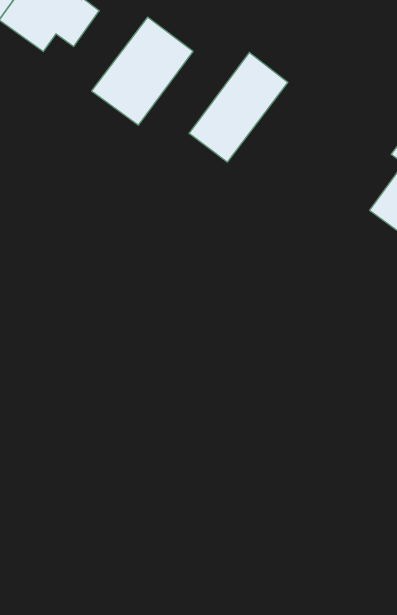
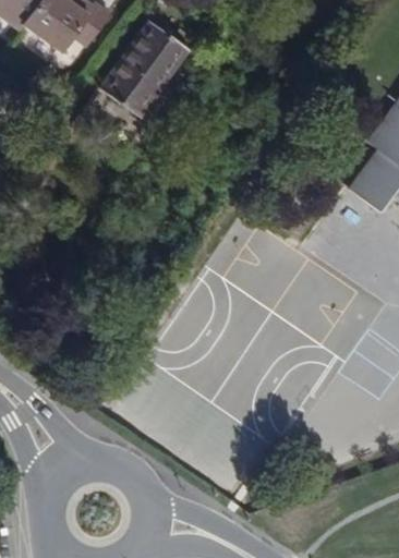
building: [189,52,288,162] -> none

